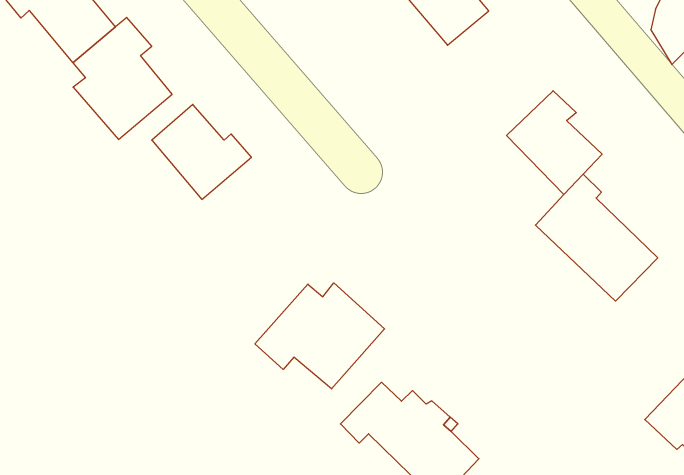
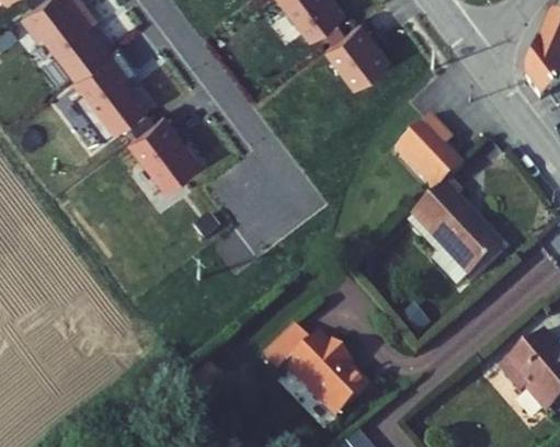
building: [255,283,385,389] -> none

